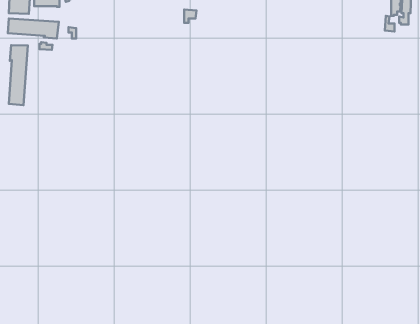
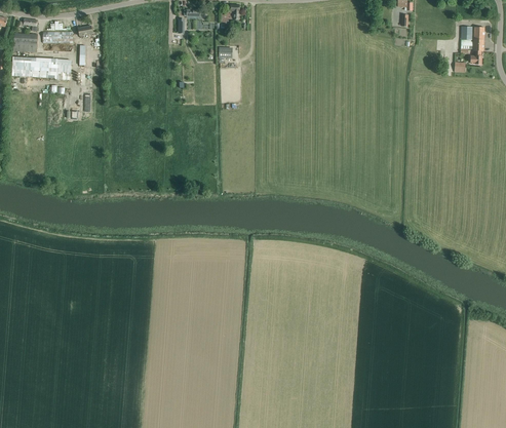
building: [9,45,28,105] -> none

